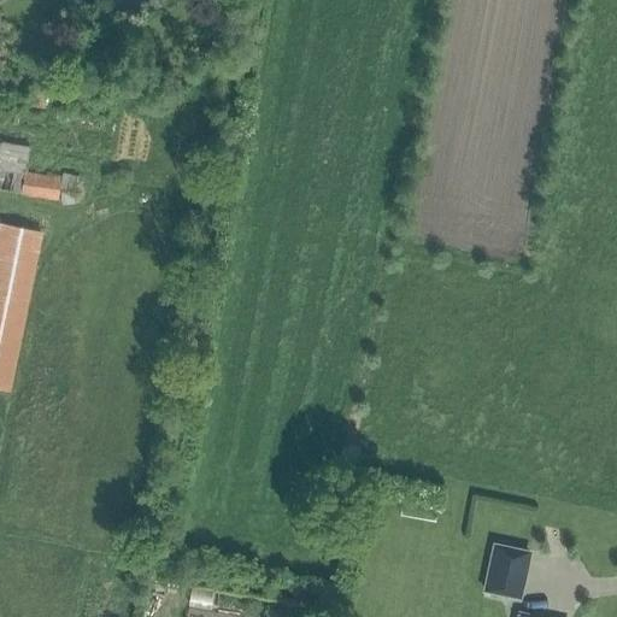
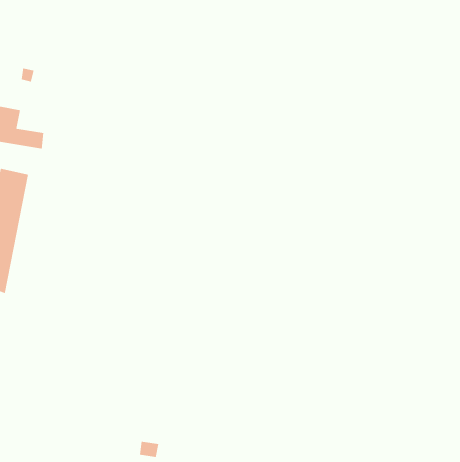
building: [482,545,525,598] -> none

